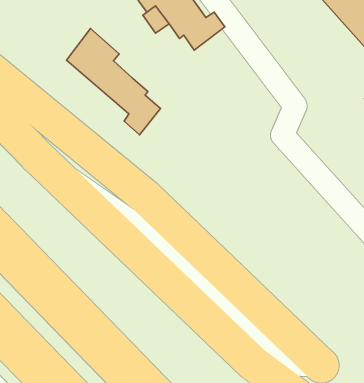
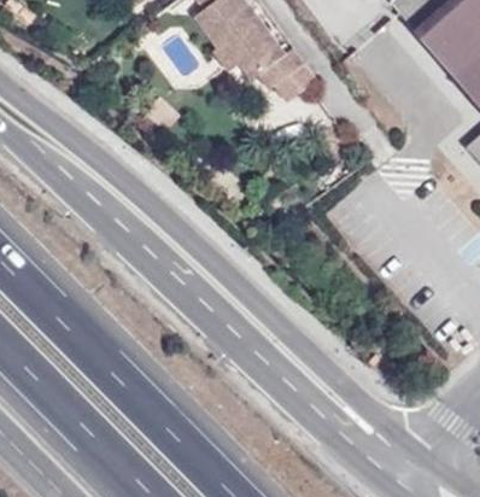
building: [67,28,161,135] -> none

